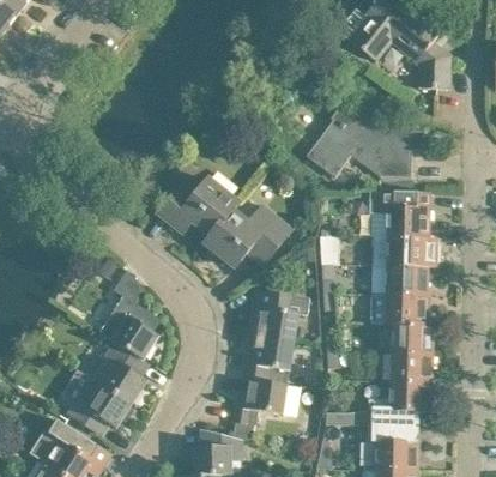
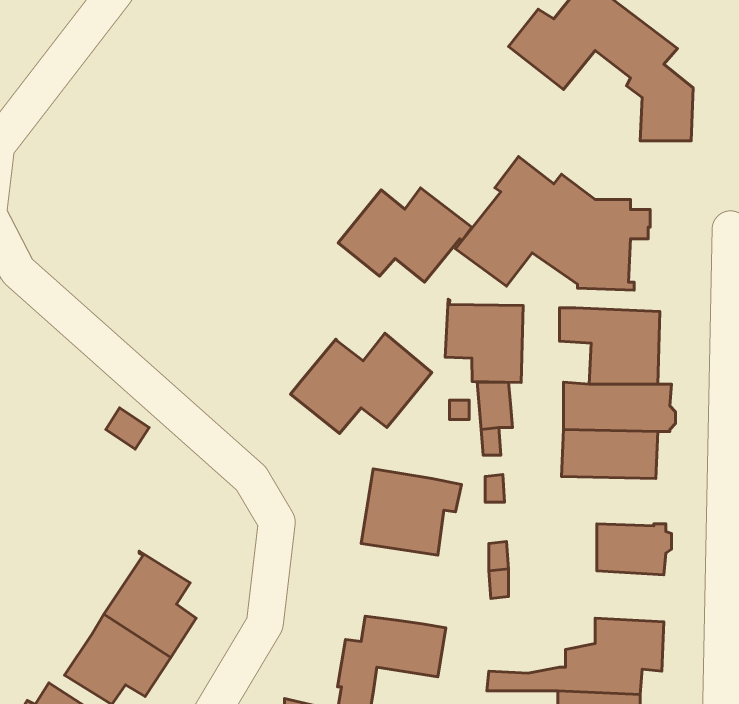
building: [158,179,240,236] -> [338,188,472,282]
building: none -> [445,299,523,383]
building: [370,294,428,325] -> none
building: [99,295,159,358] -> none
building: [241,334,295,384] -> none
building: [391,351,433,382] -> none

